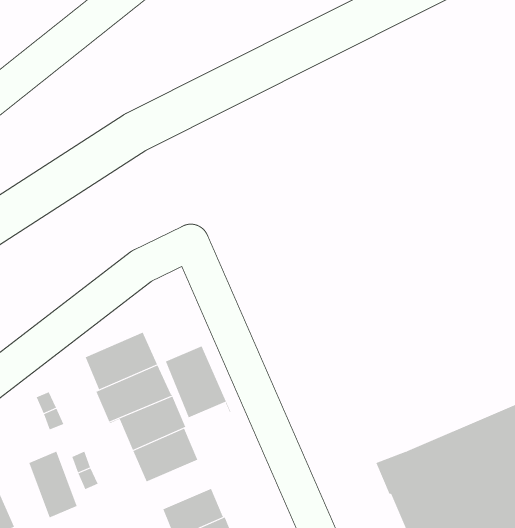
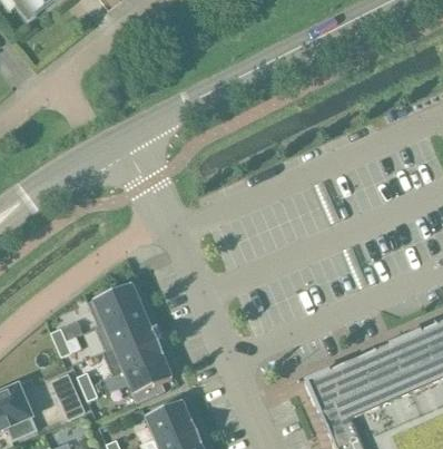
building: [165,346,231,418] -> none

